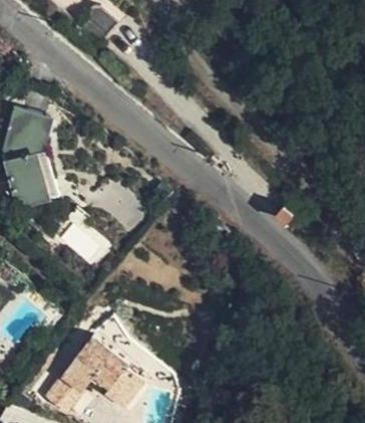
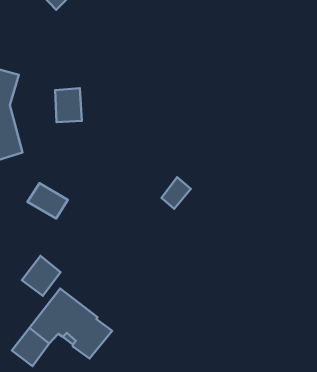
building: none -> [55,88,82,122]
building: none -> [22,256,60,296]

